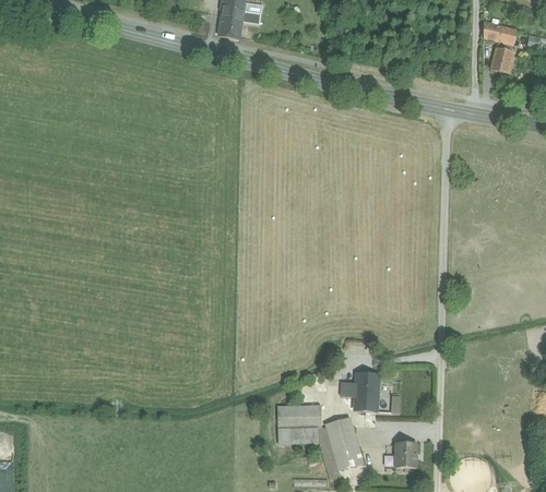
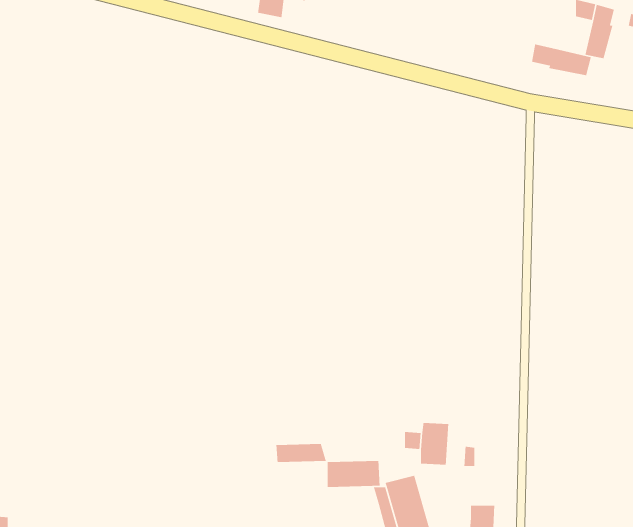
building: none -> [531,44,592,76]
building: [276,427,319,443] -> [275,443,327,463]

